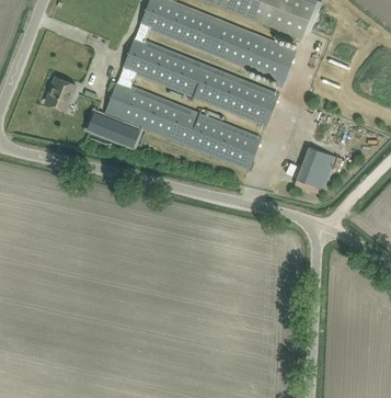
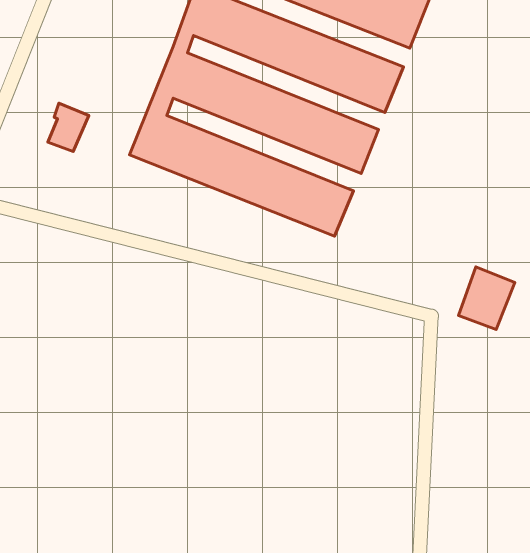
building: [90,112,141,146] -> none
building: [297,145,336,189] -> [459,267,515,329]

